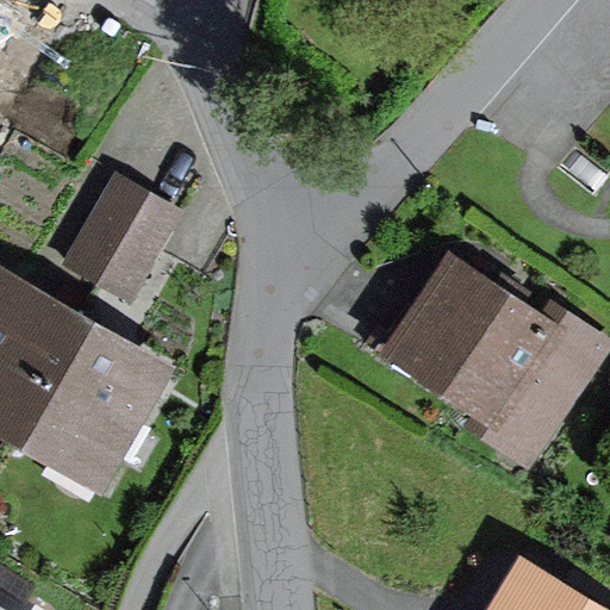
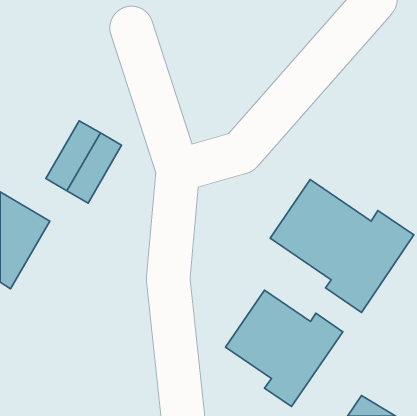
building: [15,323,150,473] -> none
building: none -> [226,290,343,406]

